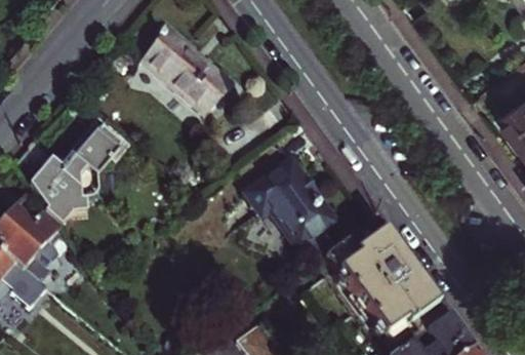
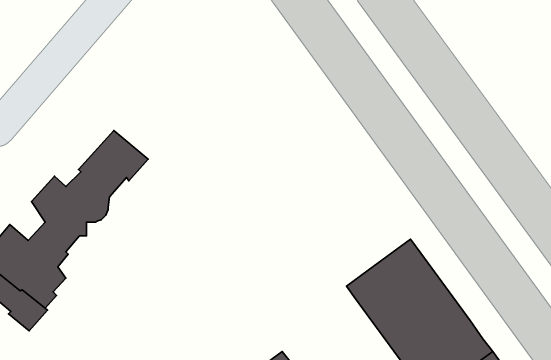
building: [140,25,232,112] -> none
building: [246,157,334,264] -> none

